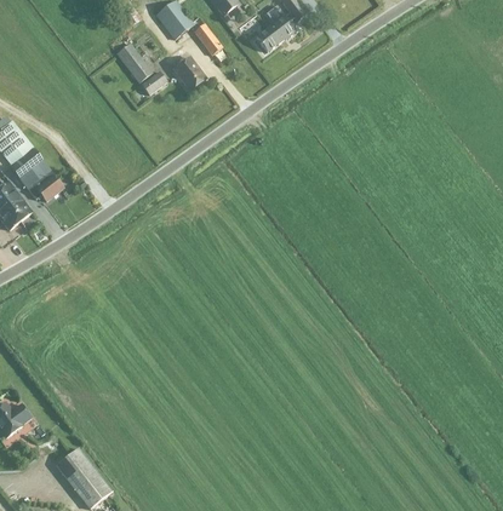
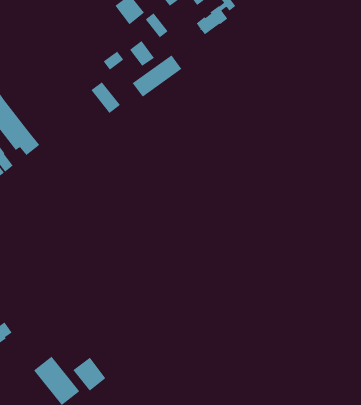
building: [114,42,152,82] -> [90,81,121,114]
building: none -> [132,54,182,98]
building: none -> [72,357,106,392]

